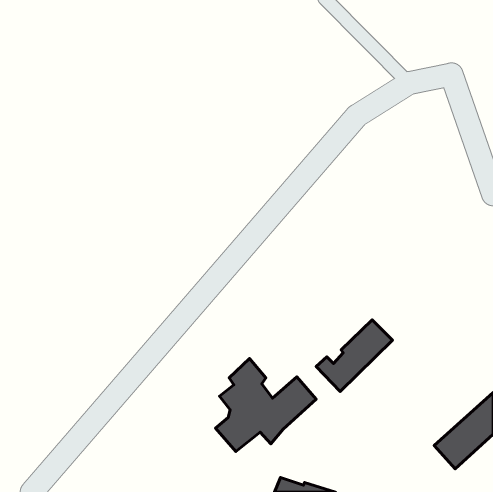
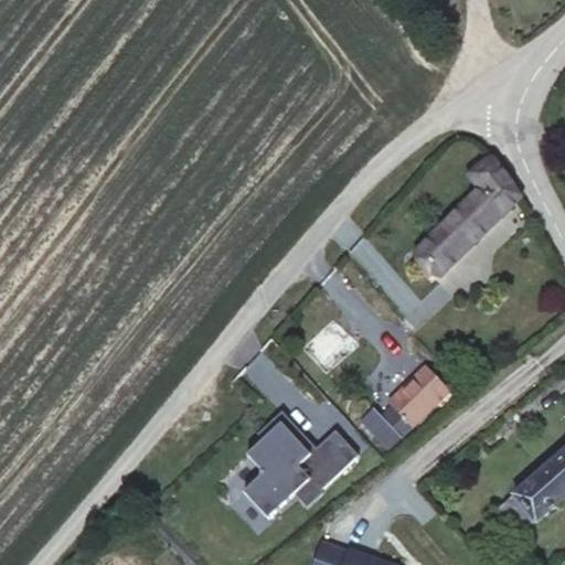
building: none -> [416,158,519,274]

